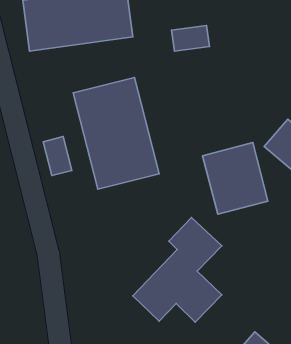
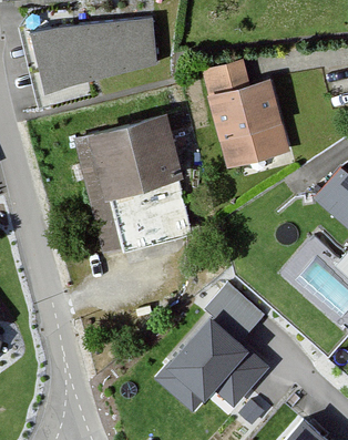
building: [43,137,72,176] -> none
building: [203,142,268,214] -> [209,82,286,166]

